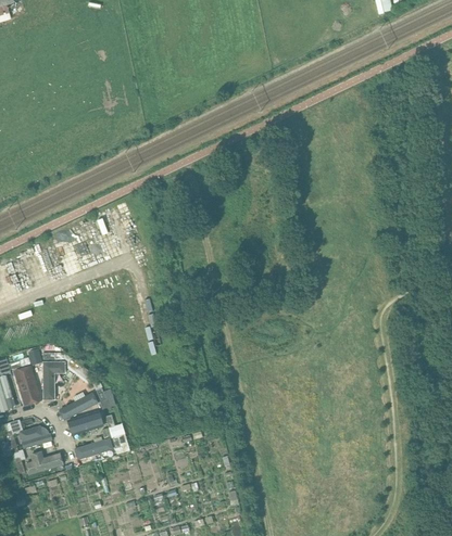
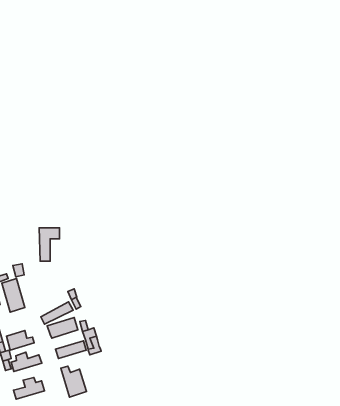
building: [42,360,66,399] -> [39,228,60,261]
building: none -> [61,366,86,397]
building: none -> [14,378,45,399]

